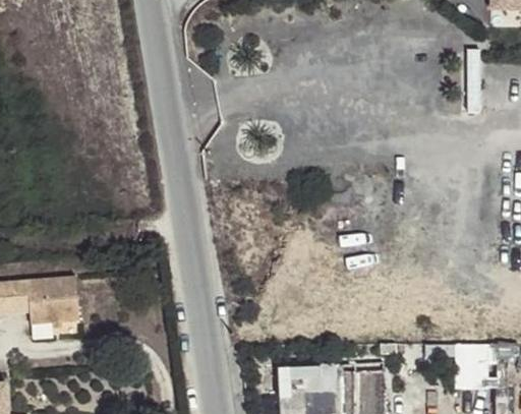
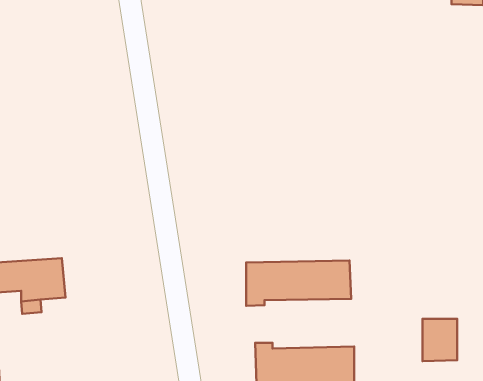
building: none -> [246,260,351,306]

